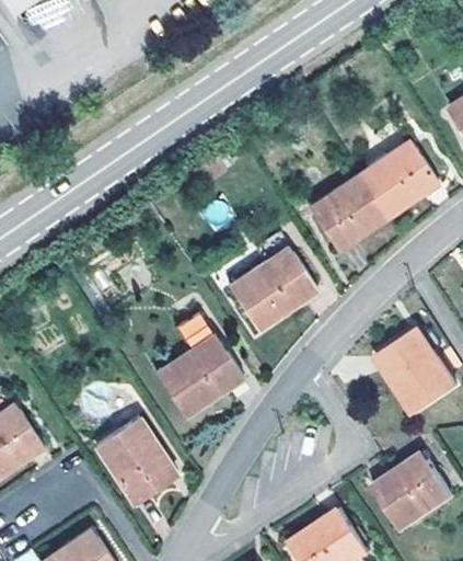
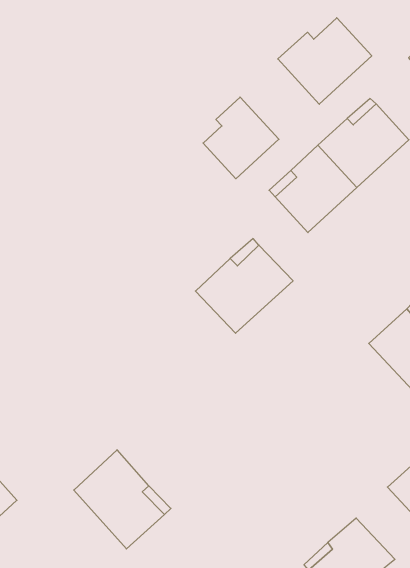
building: none -> [278,18,372,104]
building: none -> [203,97,279,179]
building: [155,311,243,415] -> none

